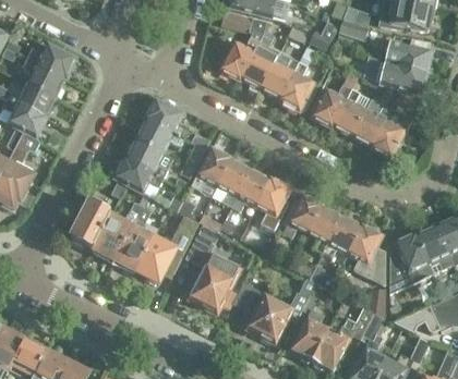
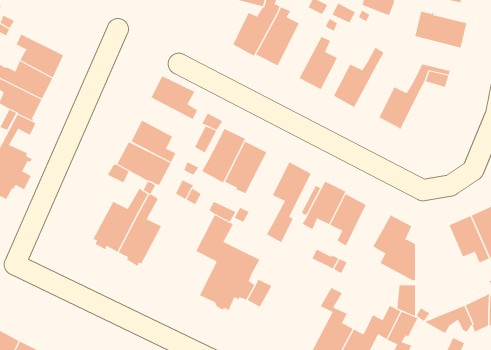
building: [26,41,77,78] -> none
building: [261,49,300,98] -> none
building: [379,61,427,94] -> none
building: [330,87,366,135] -> none
building: [372,108,411,158] -> none
building: [136,118,183,151] -> none
building: [231,167,269,209] -> none
building: [71,195,113,246] -> none
building: [323,215,362,257] -> none
building: [389,232,429,292] -> none
building: [136,234,180,282] -> none
building: [248,276,313,342] -> none

